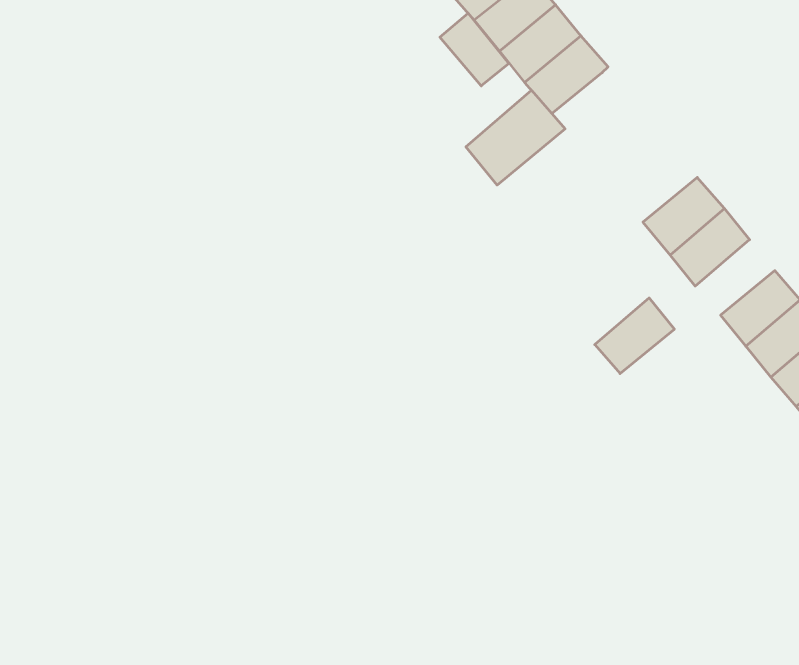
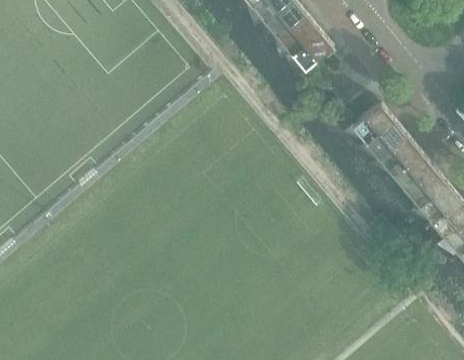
building: [440,13,509,86] -> none
building: [466,90,565,185] -> none
building: [595,298,674,374] -> [379,137,421,176]

